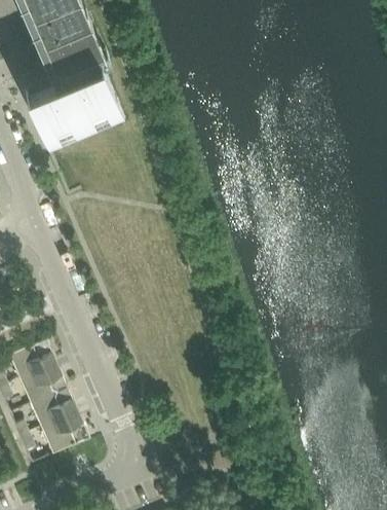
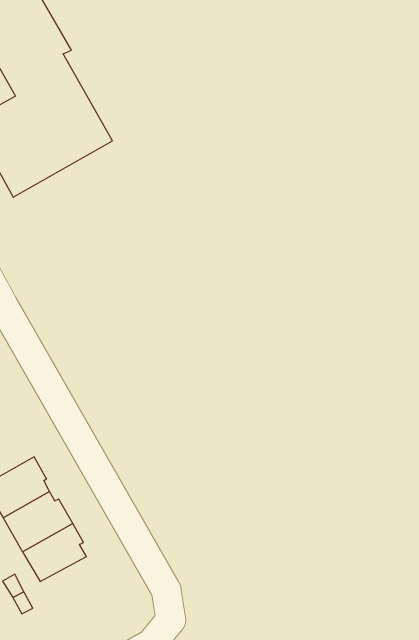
building: [40,413,89,453] -> none

